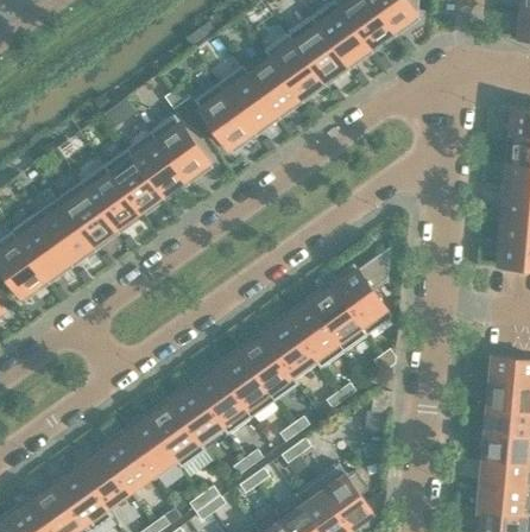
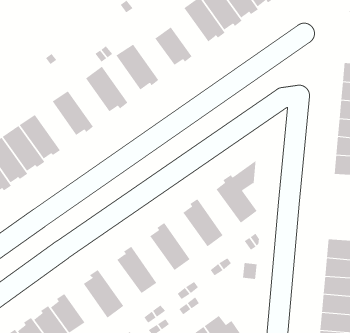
building: [264,33,326,103] -> none
building: [217,66,279,137] -> none
building: [126,132,188,202] -> none
building: [80,164,141,235] -> none
building: [305,281,367,352] -> none
building: [259,314,321,385] -> none
building: [213,347,275,418] -> none
building: [166,380,228,450] -> none
building: [119,413,181,480] -> none

